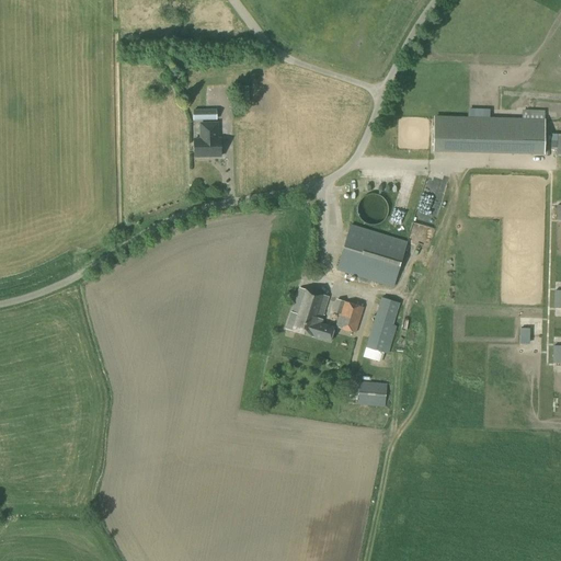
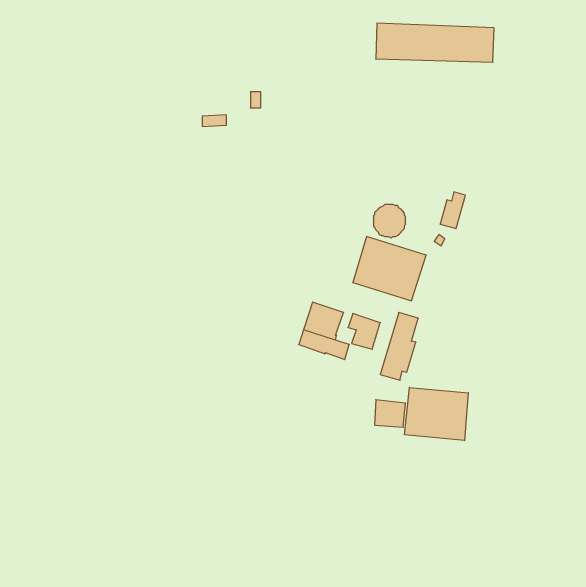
building: [433,112,546,149] -> [376,23,494,62]
building: [194,125,220,158] -> none
building: none -> [405,387,468,441]

